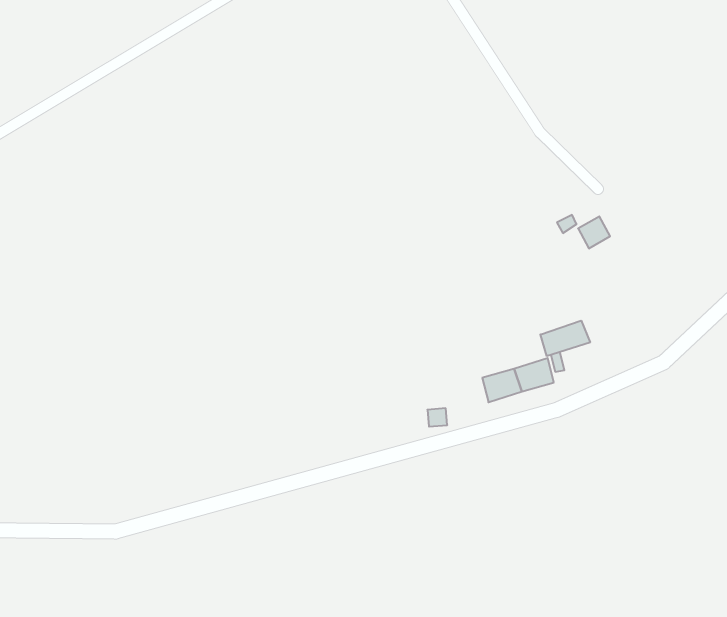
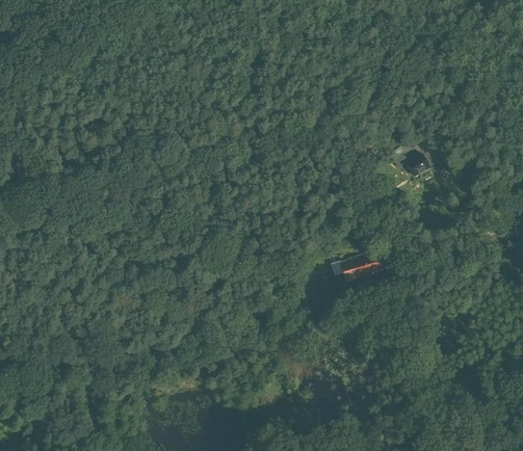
building: [540,321,590,356] -> none

